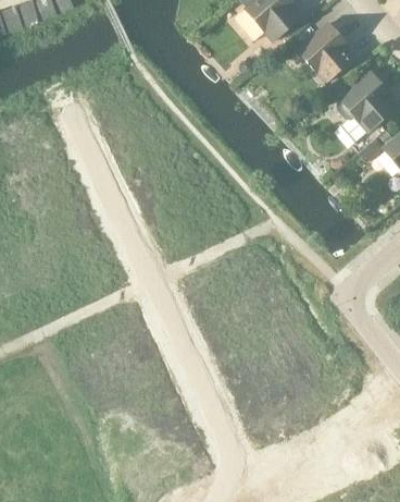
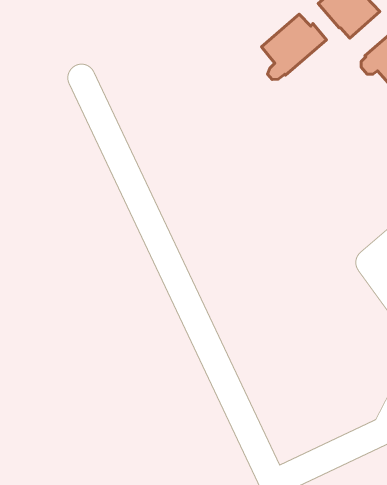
building: none -> [262,14,326,80]

